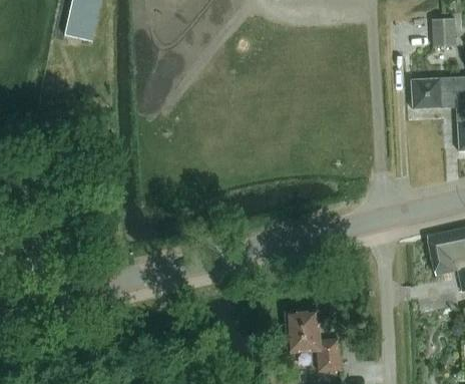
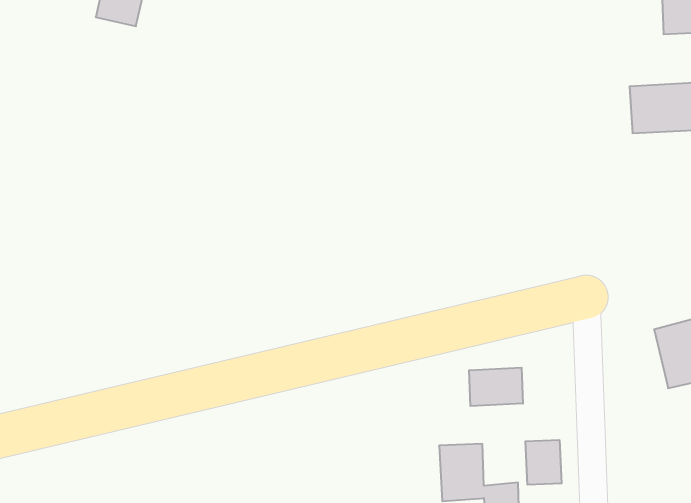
building: none -> [469,368,523,406]
building: none -> [525,440,562,485]

